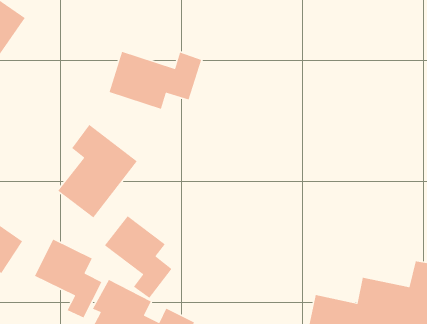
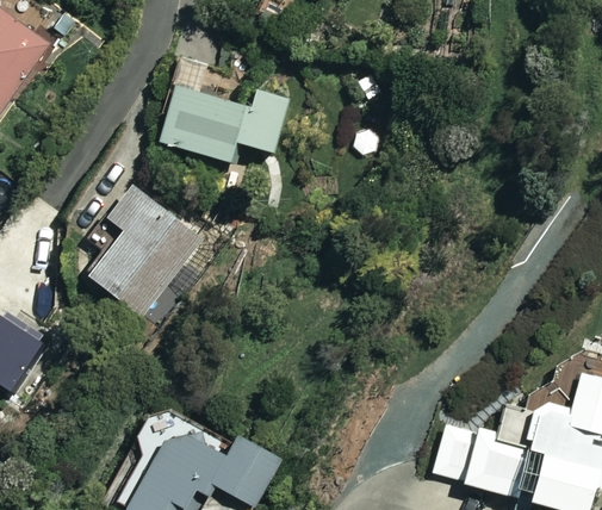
building: [104,215,173,299] -> none
building: [34,239,102,319] -> none

